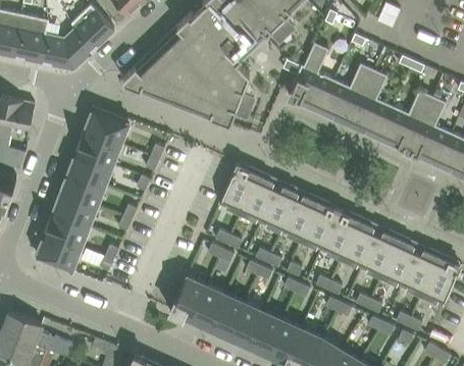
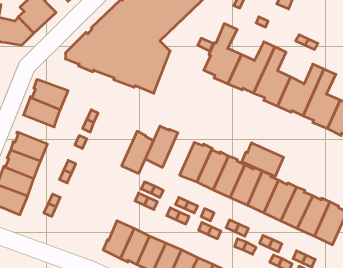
building: [68,151,112,186] -> none
building: [241,172,278,222] -> [122,131,153,173]
building: none -> [242,143,284,176]

